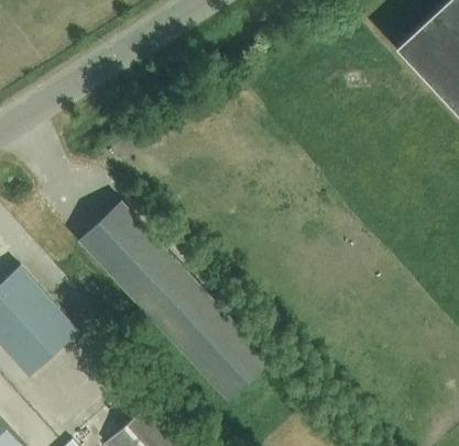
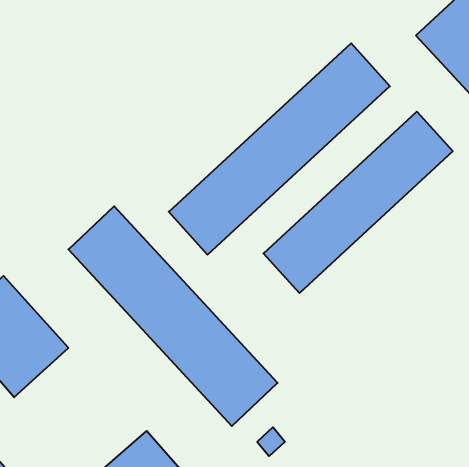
building: none -> [169,43,390,255]
building: none -> [263,112,453,293]

